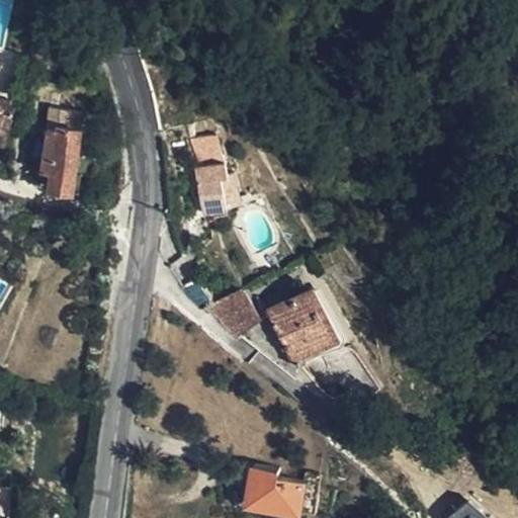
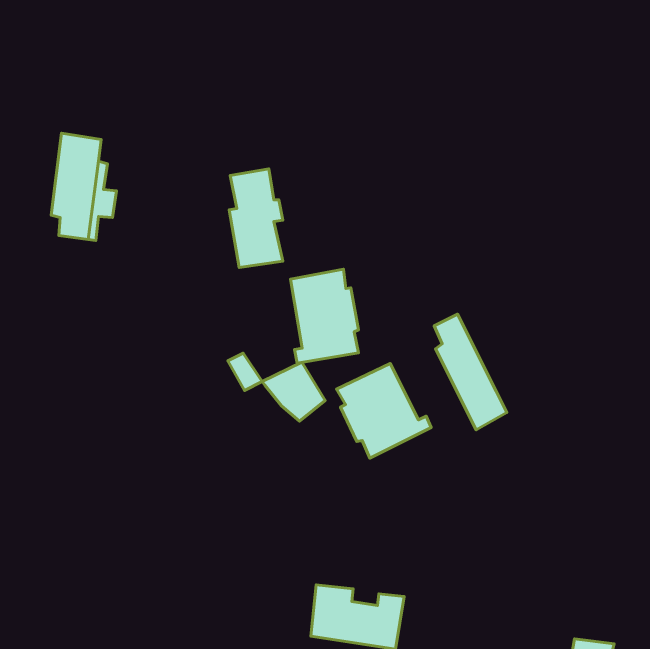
building: none -> [291,269,359,363]
building: none -> [434,314,507,430]

